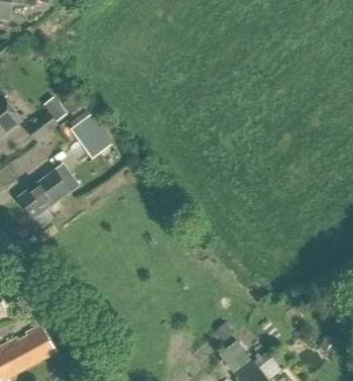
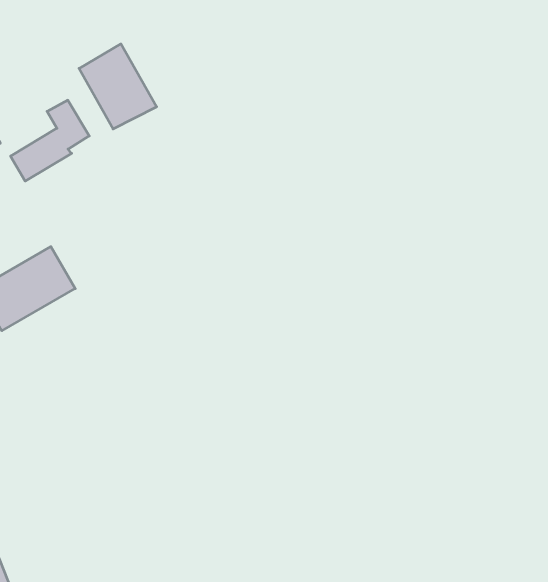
building: [71,114,113,159] -> [79,44,157,129]

